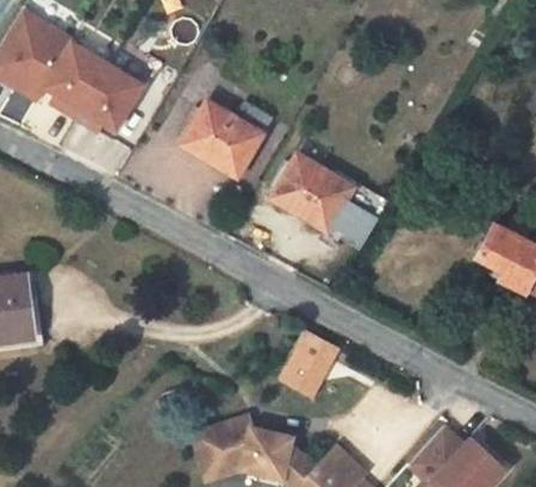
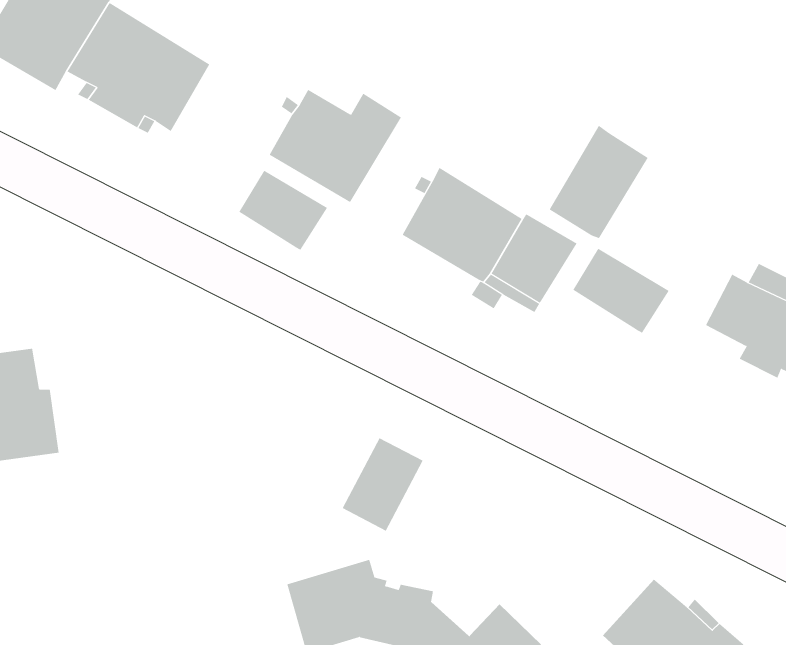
building: none -> [549,125,649,239]
building: none -> [238,170,328,251]
building: none -> [572,248,670,334]
building: [281,335,336,398] -> [342,437,424,531]

